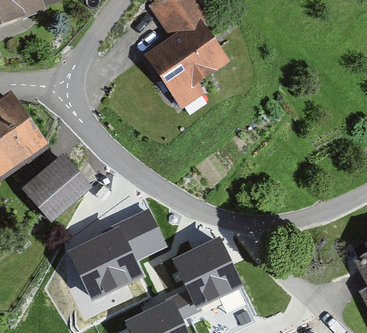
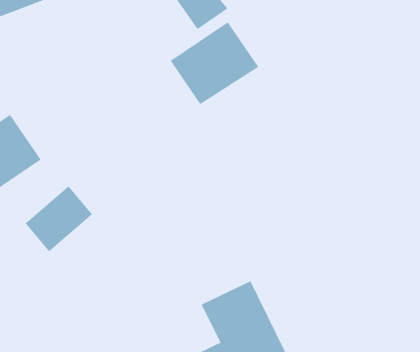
building: [69,210,162,296] -> none

